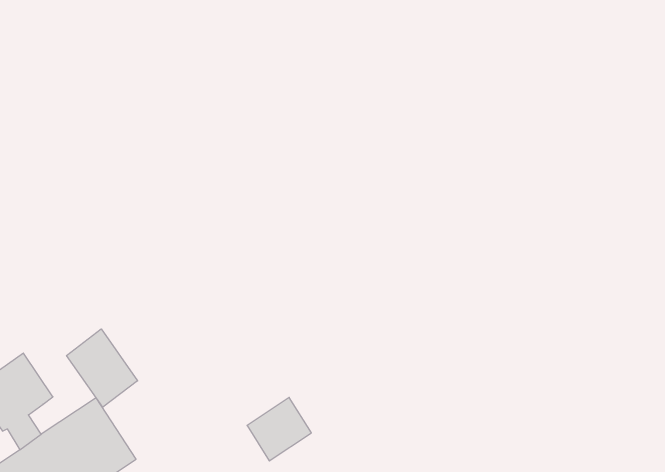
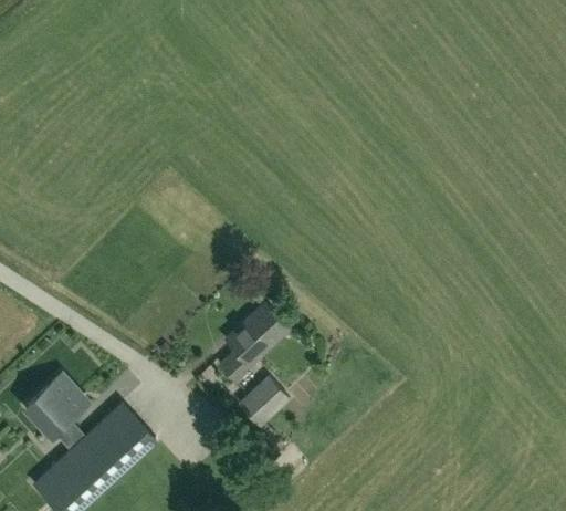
building: none -> [218,303,287,383]
building: [67,329,138,407] -> none

